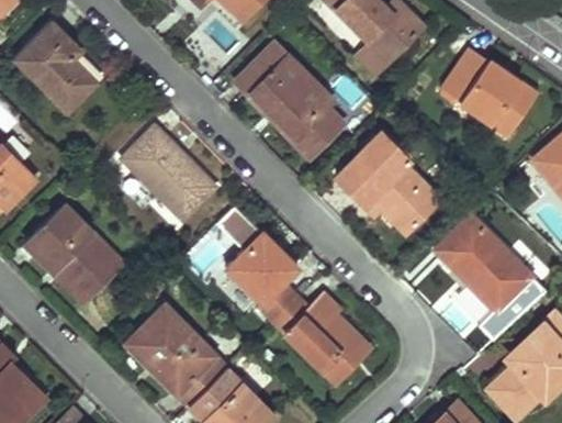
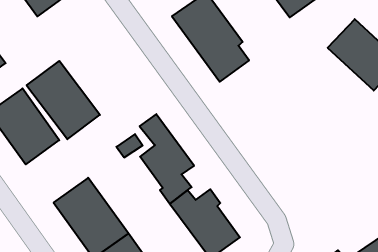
building: [119,123,217,221] -> [27,61,100,139]
building: [334,133,436,232] -> none
building: [431,213,530,312] -> none

